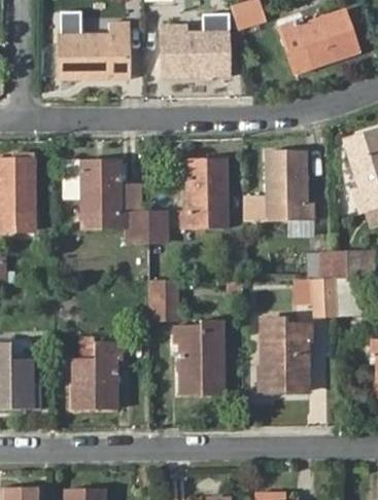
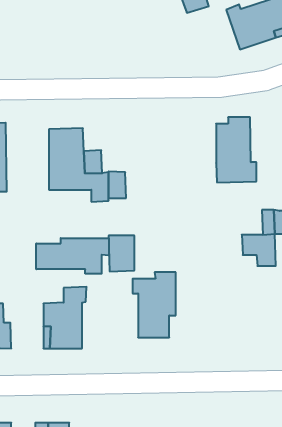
building: [60,23,128,77] -> none
building: [160,30,228,77] -> none
building: [178,159,228,230] -> none
building: none -> [36,238,109,274]
building: [266,323,314,394] -> none

